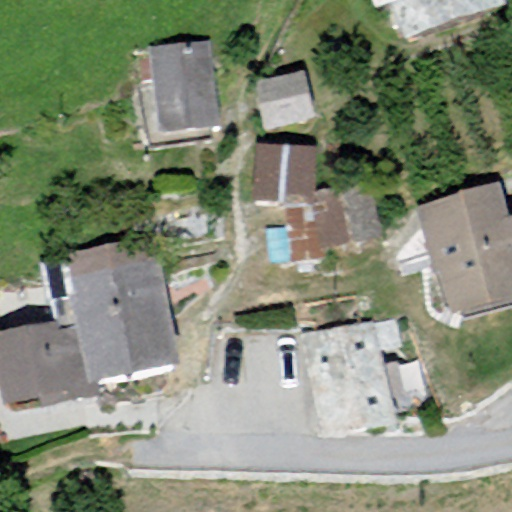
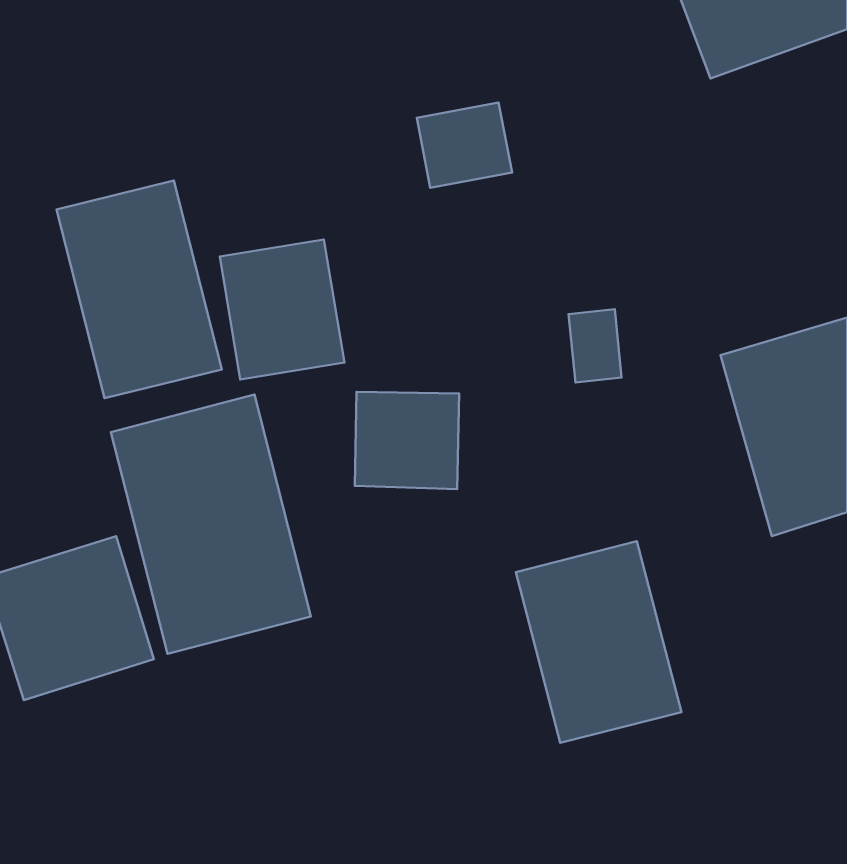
building: [147,44,220,126] -> [220,240,344,380]
building: none -> [56,181,222,398]
building: [255,146,316,203] -> [355,392,459,489]

